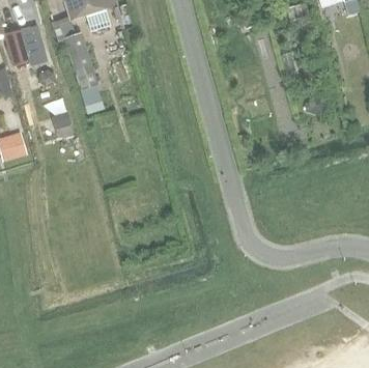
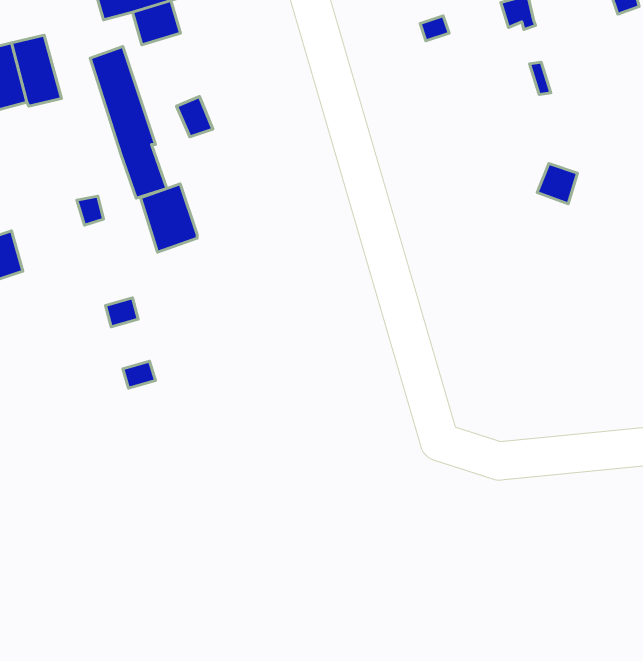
building: none -> [141,184,197,252]

